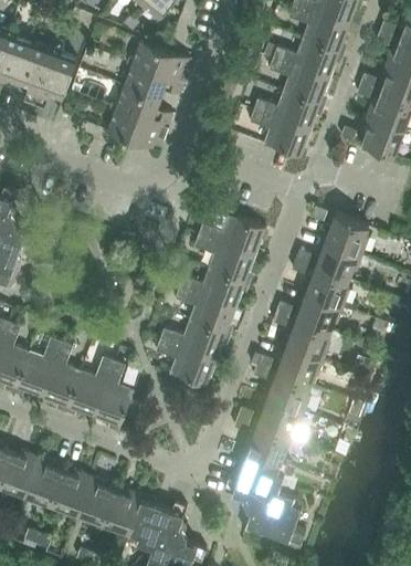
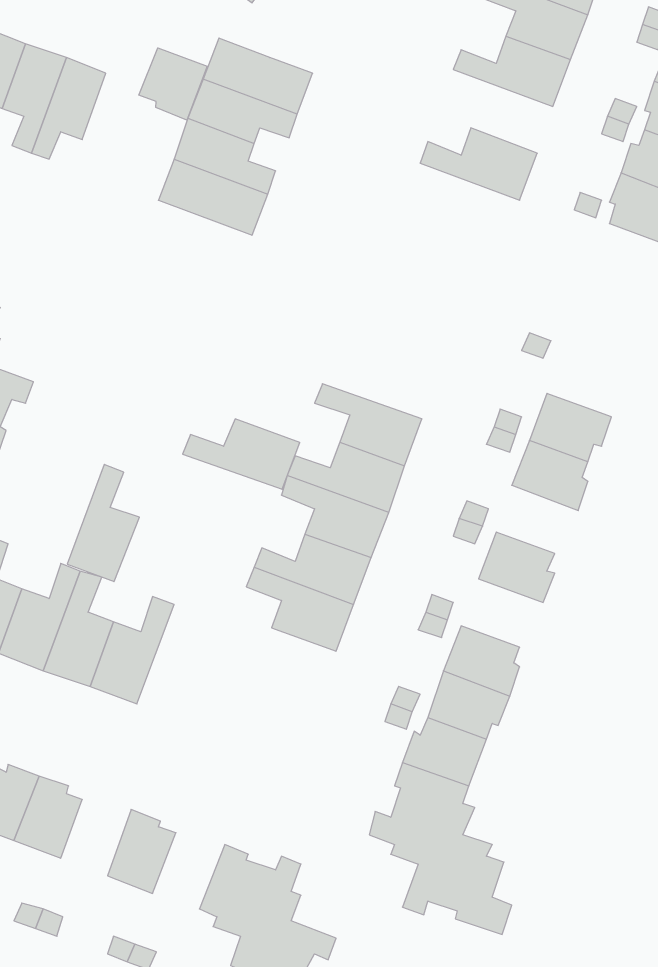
building: none -> [139,48,207,120]
building: [268,56,328,104] -> none
building: [249,109,309,157] -> none
building: [325,213,368,253] -> none
building: [198,214,264,254] -> [183,419,300,489]
building: [296,292,342,331] -> none
building: [276,345,323,384] -> none
building: [93,359,134,426] -> [67,464,139,582]
building: [50,470,89,513] -> none
building: [102,489,143,532] -> none

